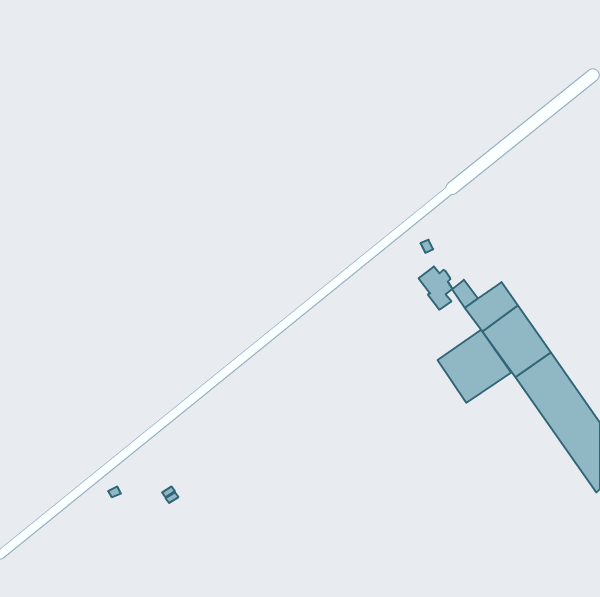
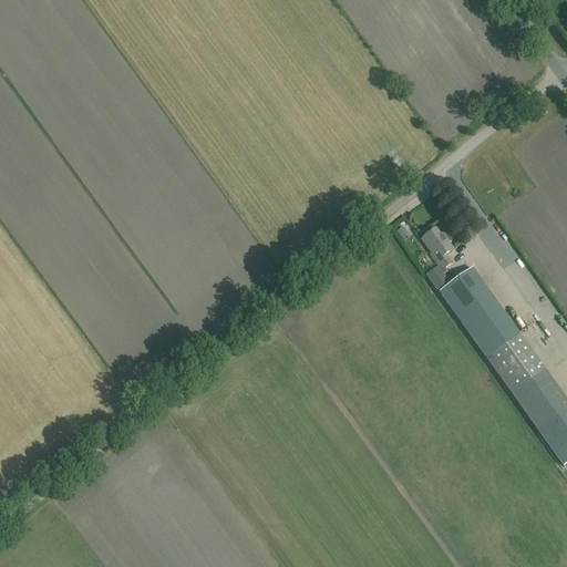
building: [419,266,453,310] -> [421,226,453,267]
building: [438,330,511,403] -> none

